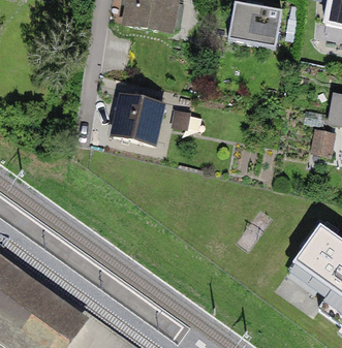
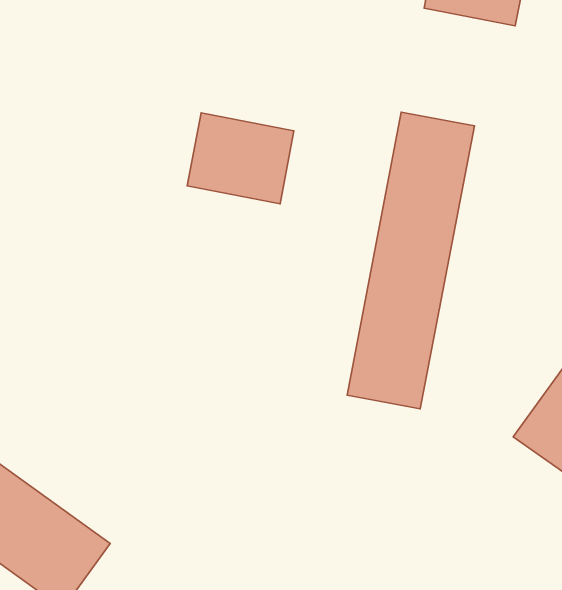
building: none -> [347,112,474,409]

